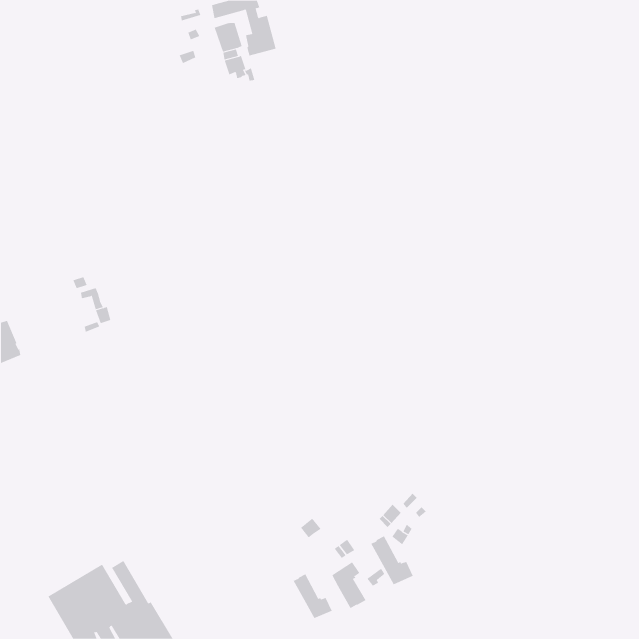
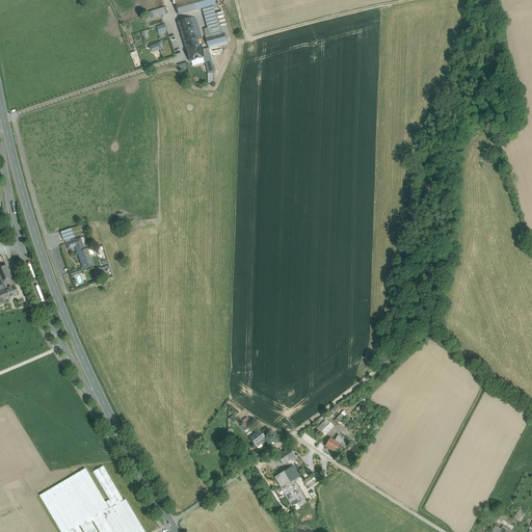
building: [370,536,414,585] -> none
building: [293,573,333,619] -> none

